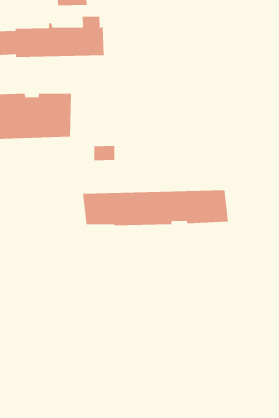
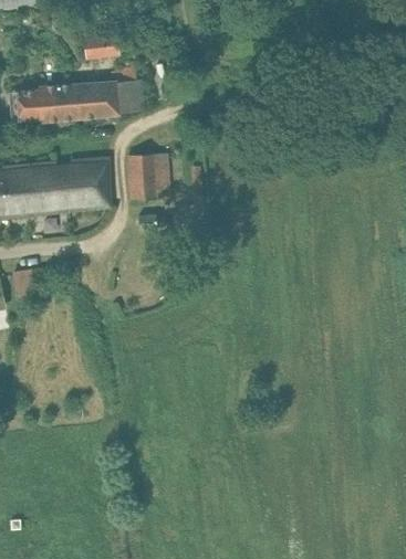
building: none -> [128,152,173,200]
building: [83,190,229,226] -> none

